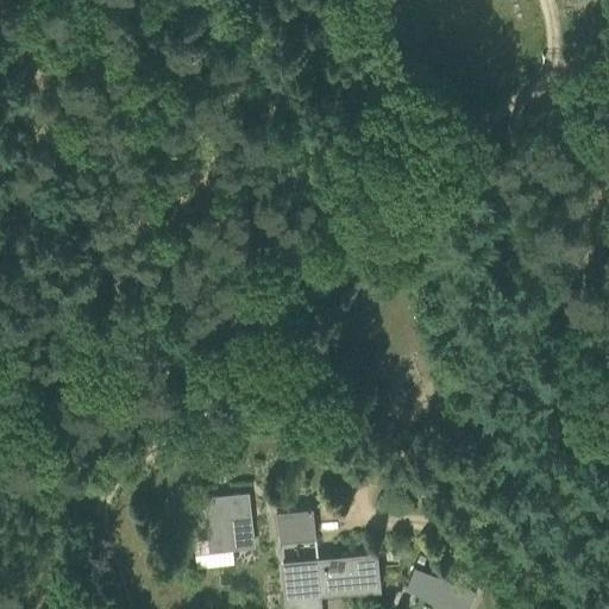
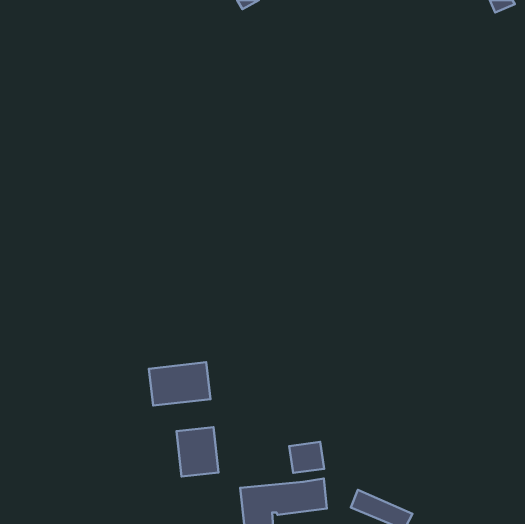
building: none -> [149,362,210,406]
building: [276,510,316,546] -> [289,442,324,473]

